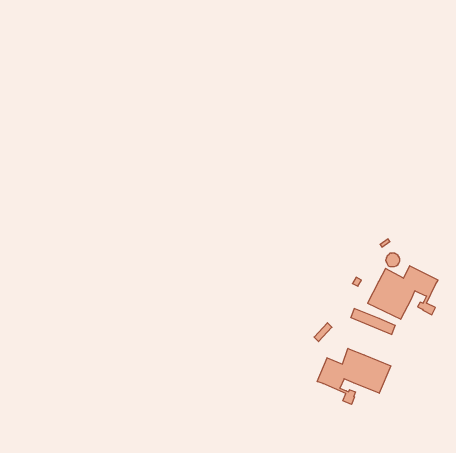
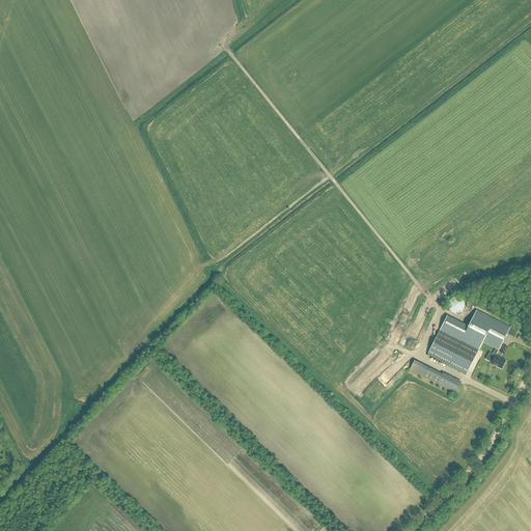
building: [317,348,391,404] -> none

